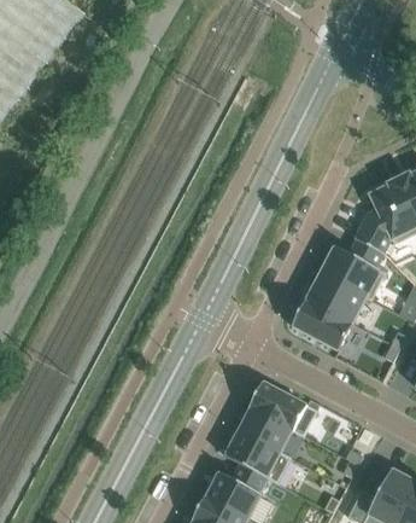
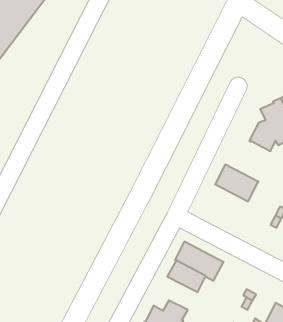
building: [320,239,385,301] -> none
building: [292,300,352,351] -> none
building: [224,431,291,484] -> none

